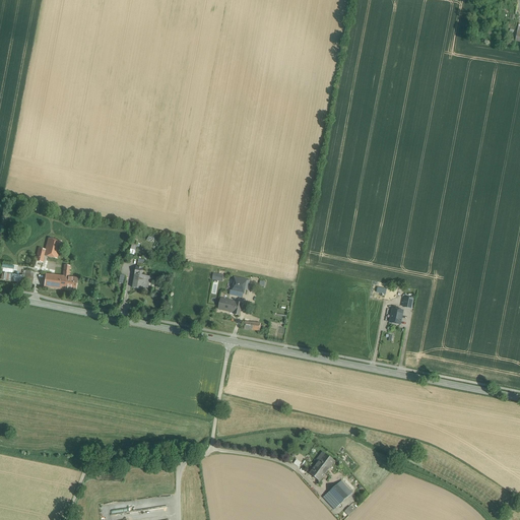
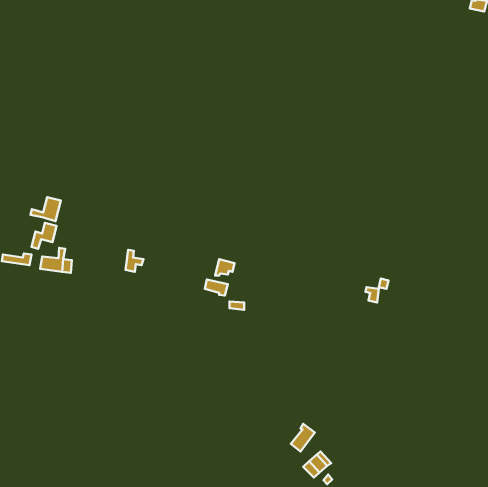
building: none -> [31,197,61,221]

